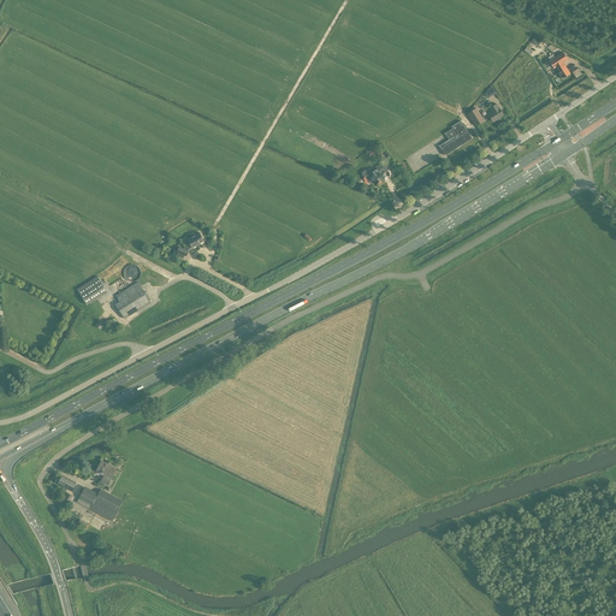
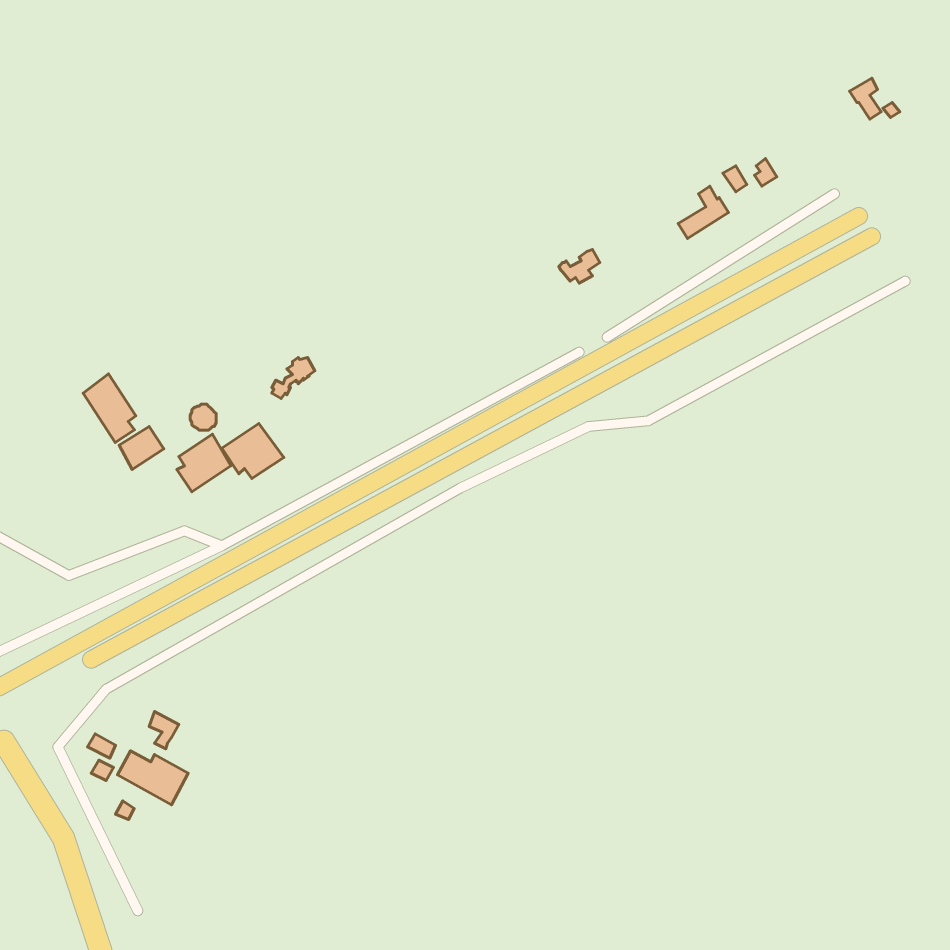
building: none -> [83,374,136,442]
building: none -> [222,424,284,479]

